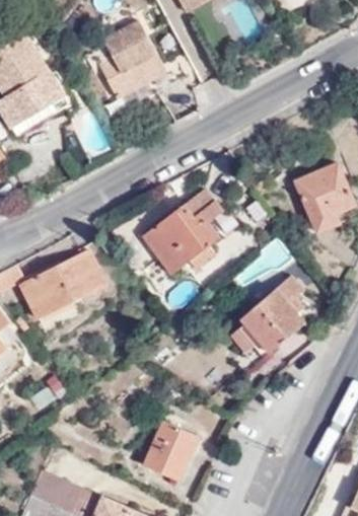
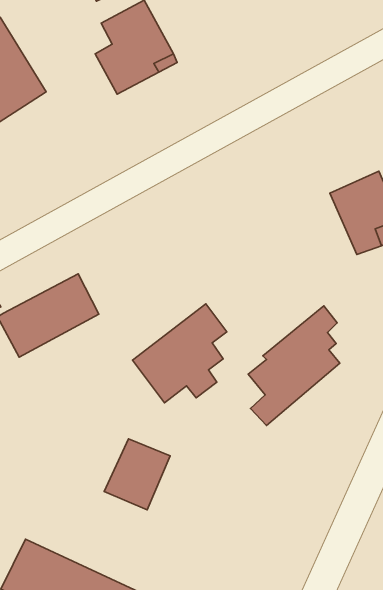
building: [144,190,222,272] -> [133,304,227,403]
building: [143,421,198,480] -> [104,439,170,510]

